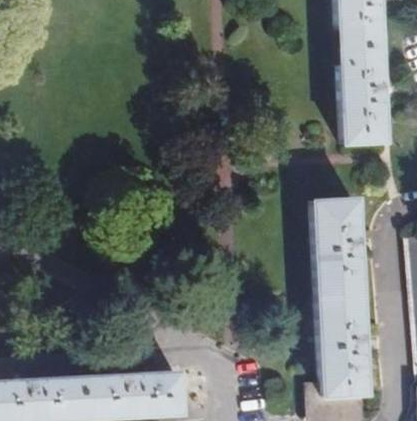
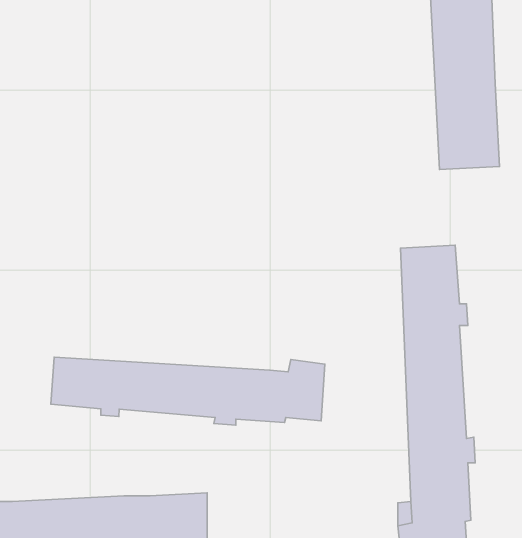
building: none -> [51,357,325,425]

